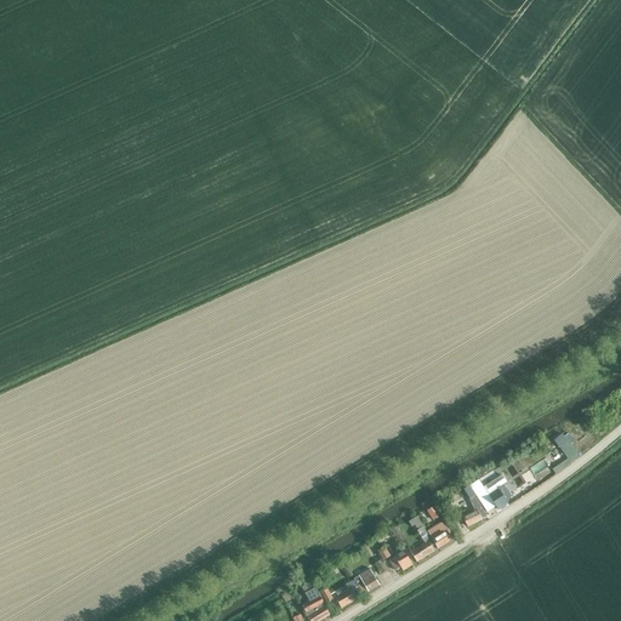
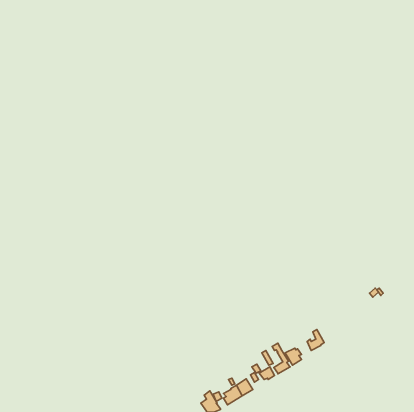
building: [469,473,509,509] -> none

